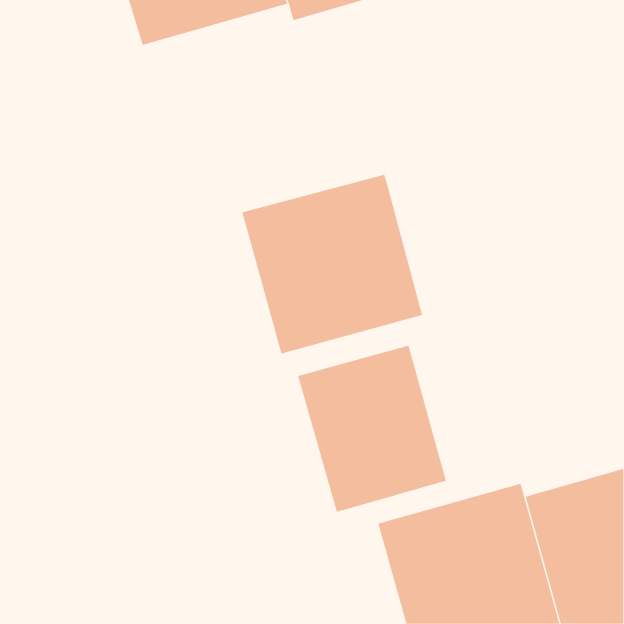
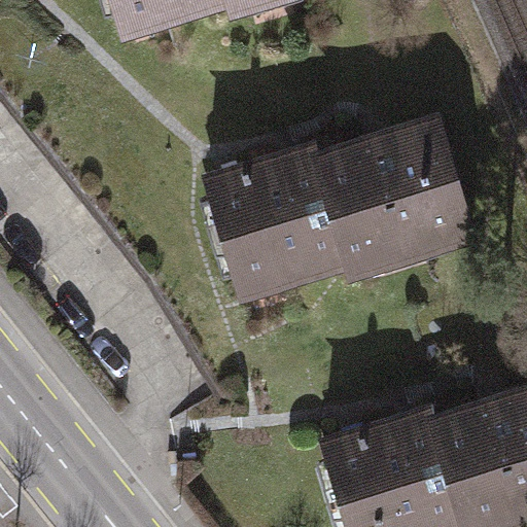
building: none -> [326,121,490,277]
building: [298,345,446,512] -> none

